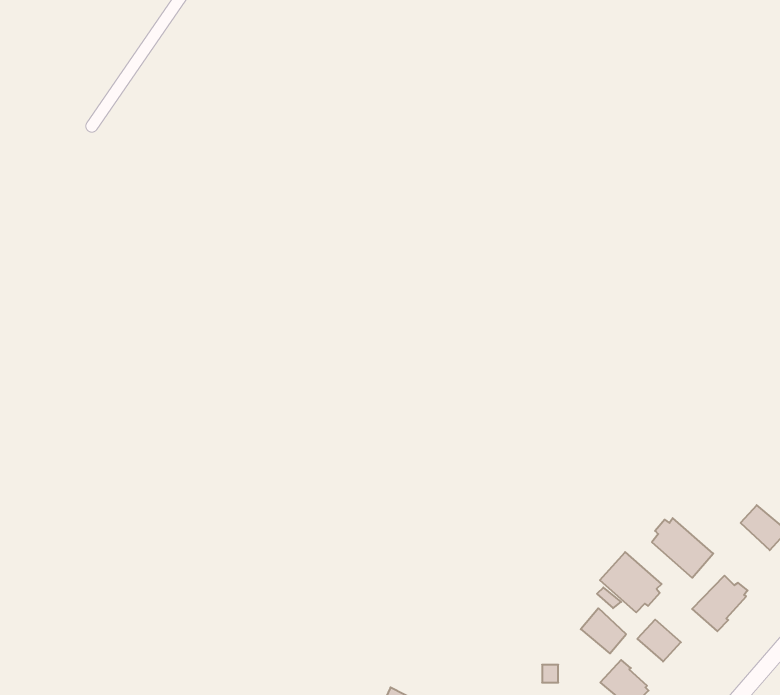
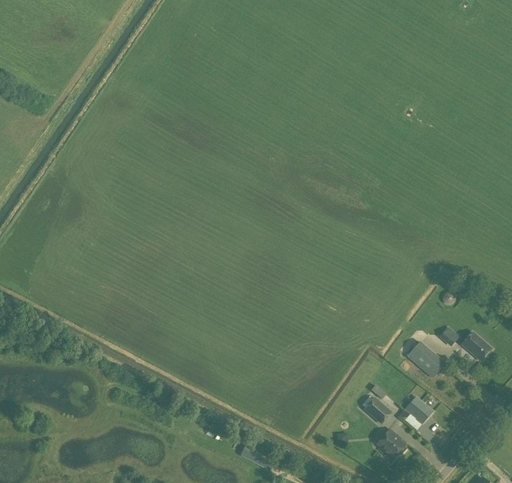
building: [600,552,662,612] -> none
building: [692,576,748,631] -> none

